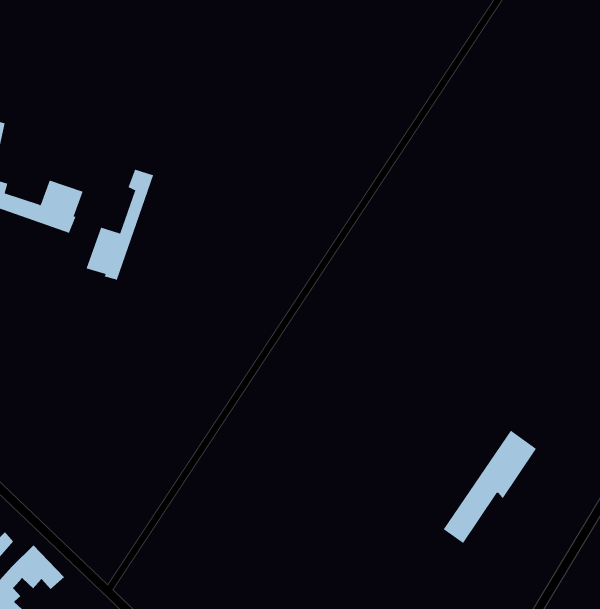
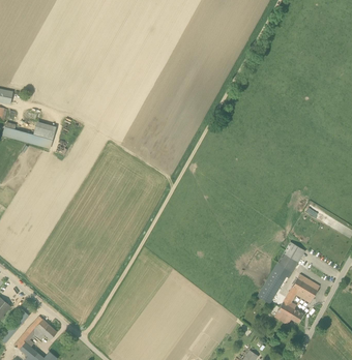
building: [86,169,154,280] -> none
building: none -> [274,274,318,324]

